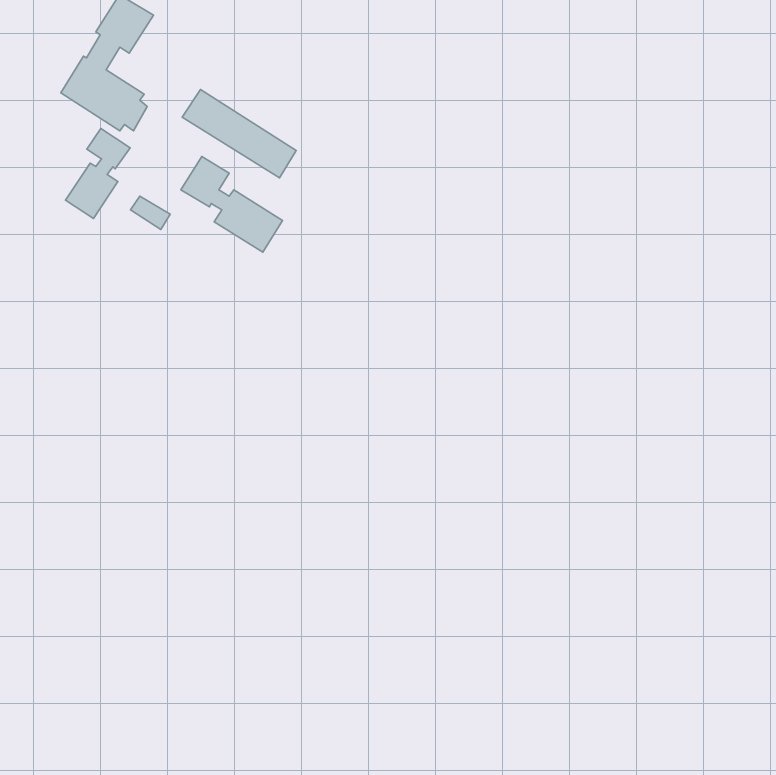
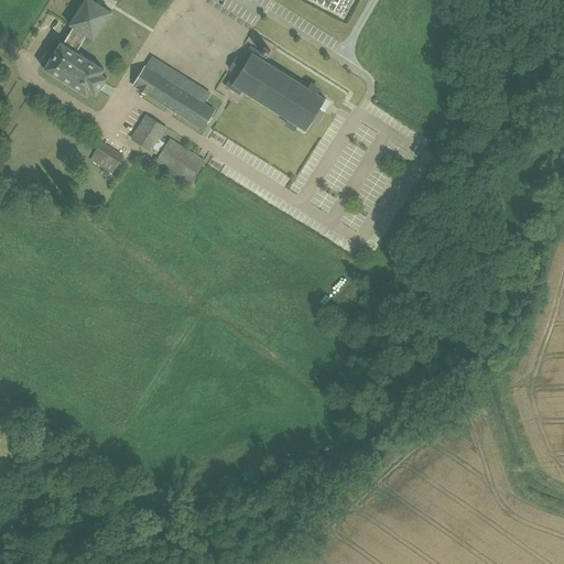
building: none -> [225,45,326,130]
building: [66,129,130,219] -> none

